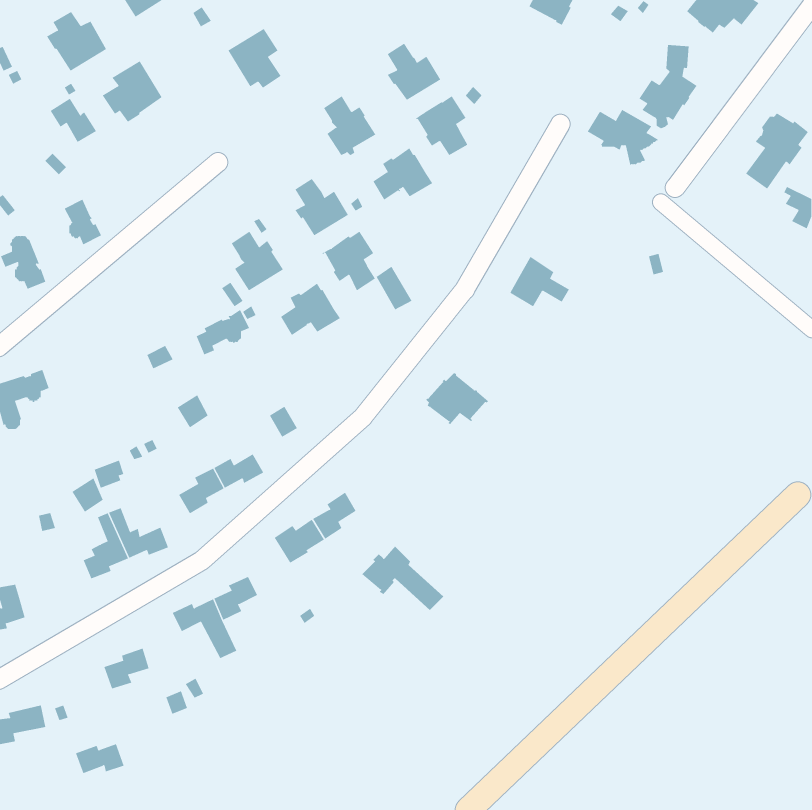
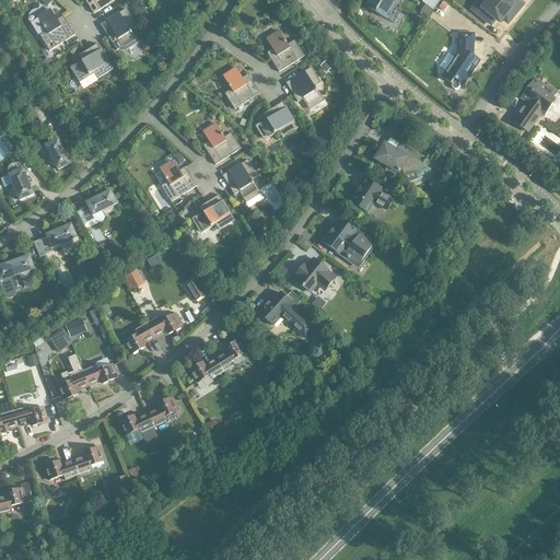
building: [227,28,282,89] -> [100,8,137,49]
building: [50,98,97,143] -> none
building: [587,109,659,166] -> [375,142,424,182]
building: [196,309,250,355] -> [80,188,117,220]
building: none -> [320,217,374,262]
building: none -> [33,222,77,254]
building: [361,546,444,611] -> [257,291,314,336]
building: none -> [13,405,46,424]
building: [75,744,124,774] -> [43,458,77,479]

